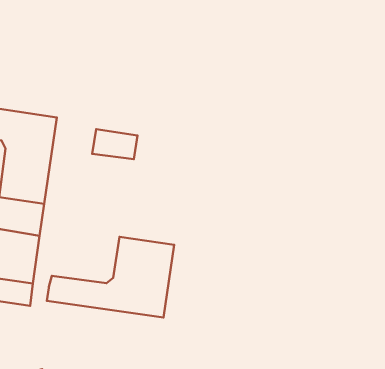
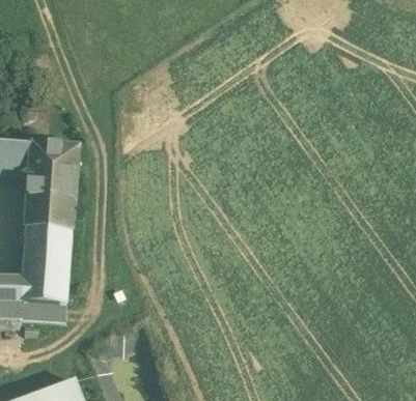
building: [92,129,137,159] -> none
building: [47,237,174,317] -> none

